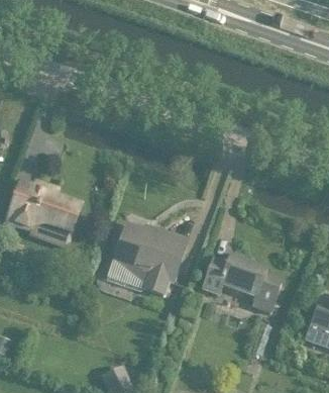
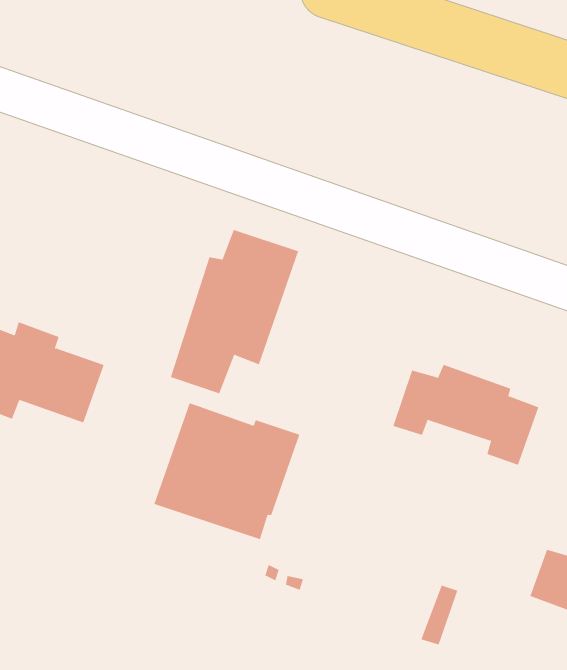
building: none -> [170,229,299,394]
building: [201,259,280,313] -> [393,364,539,466]

